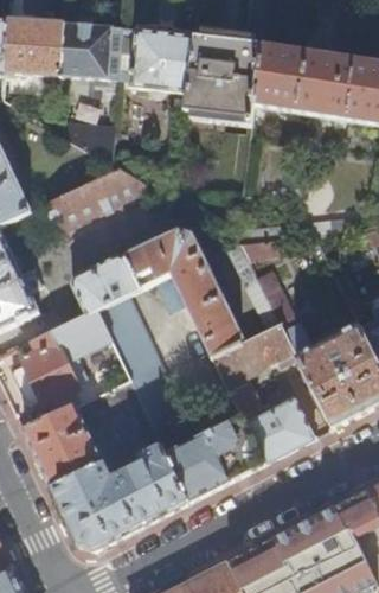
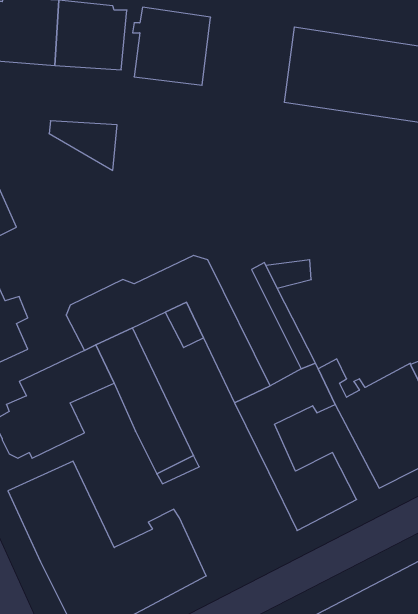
building: [184,33,262,122] -> none
building: [43,167,150,230] -> none
building: [166,414,264,500] -> none

